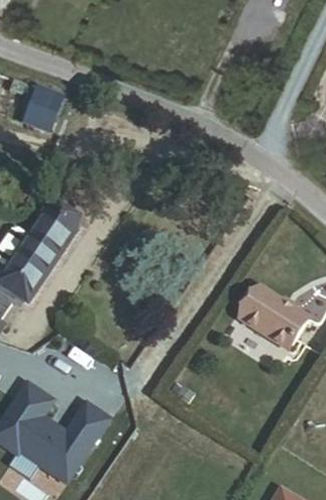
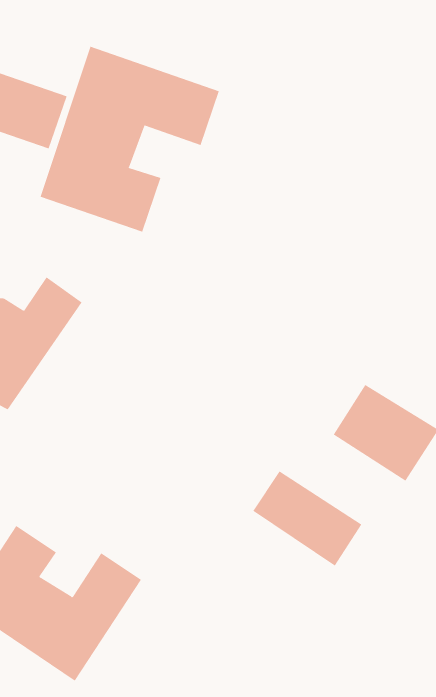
building: none -> [40,46,220,233]
building: none -> [253,471,362,566]

